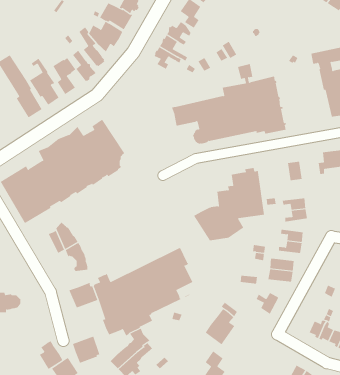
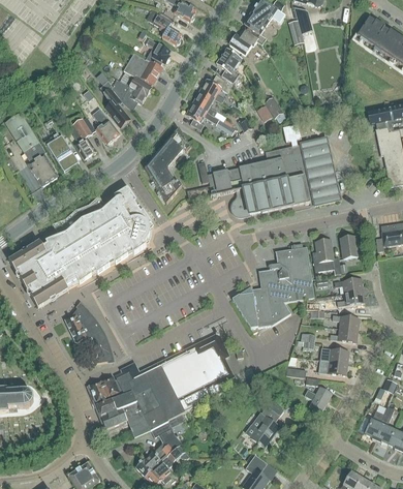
building: none -> [145,128,191,203]
building: none -> [312,239,341,275]
building: [72,336,100,364] -> [97,396,129,428]
building: [39,341,63,370] -> none

